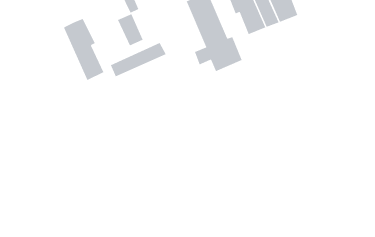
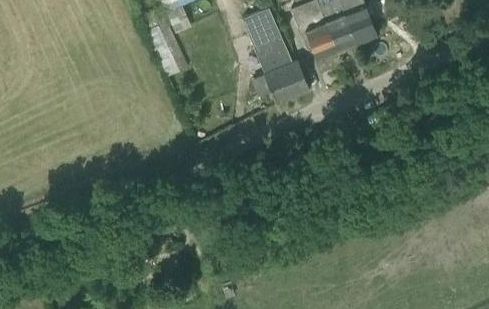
building: [63,18,104,81] -> none
building: [110,42,166,77] -> none

